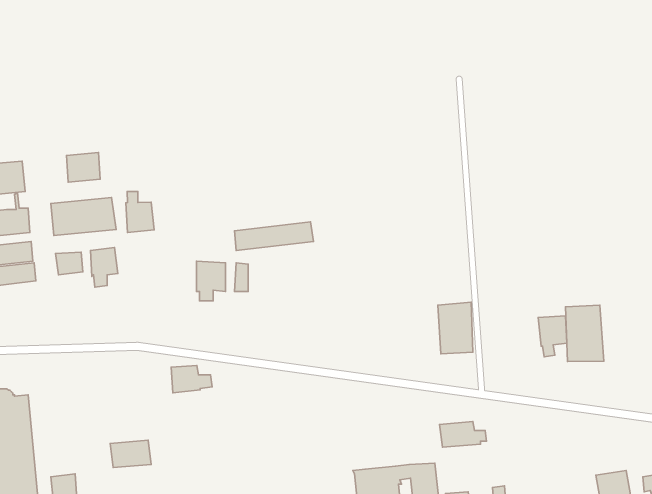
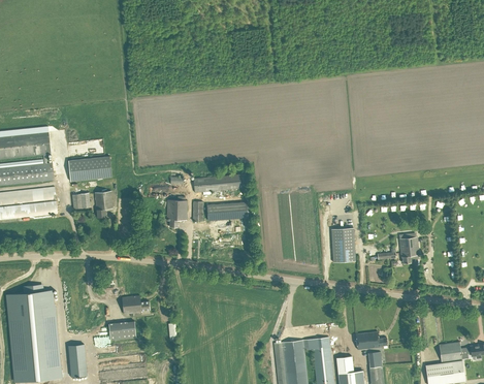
building: [66,152,100,182] -> none
building: [126,192,154,233] -> none
building: none -> [207,202,248,220]
building: [565,305,604,362] -> none
building: [171,366,212,393] -> [122,295,150,314]
building: [440,421,487,447] -> [355,331,387,349]

